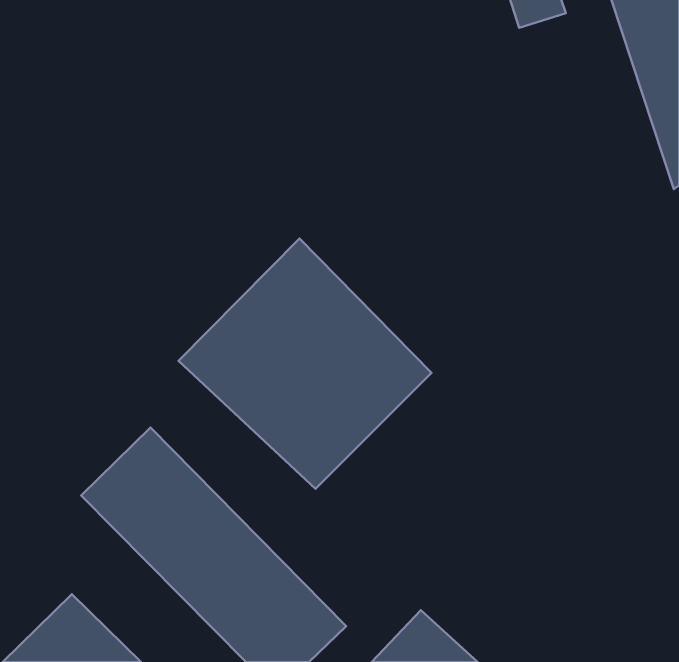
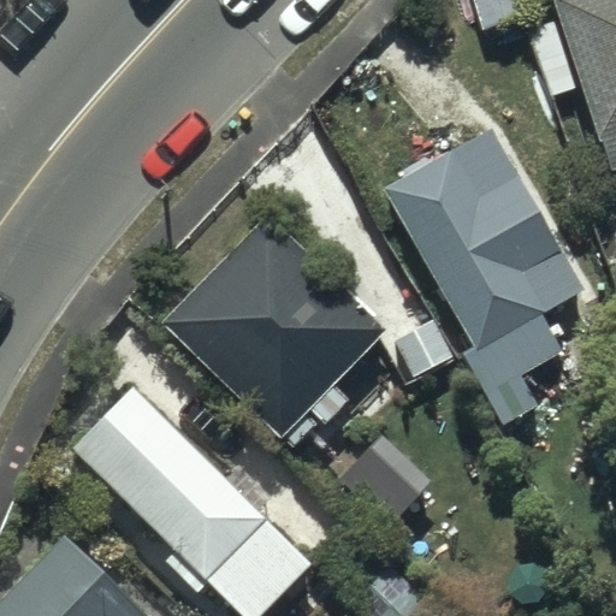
building: none -> [387,131,585,354]

